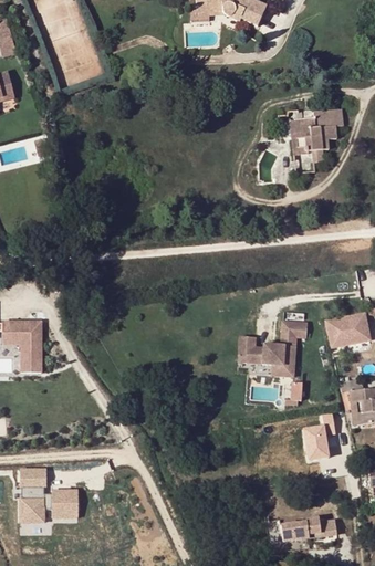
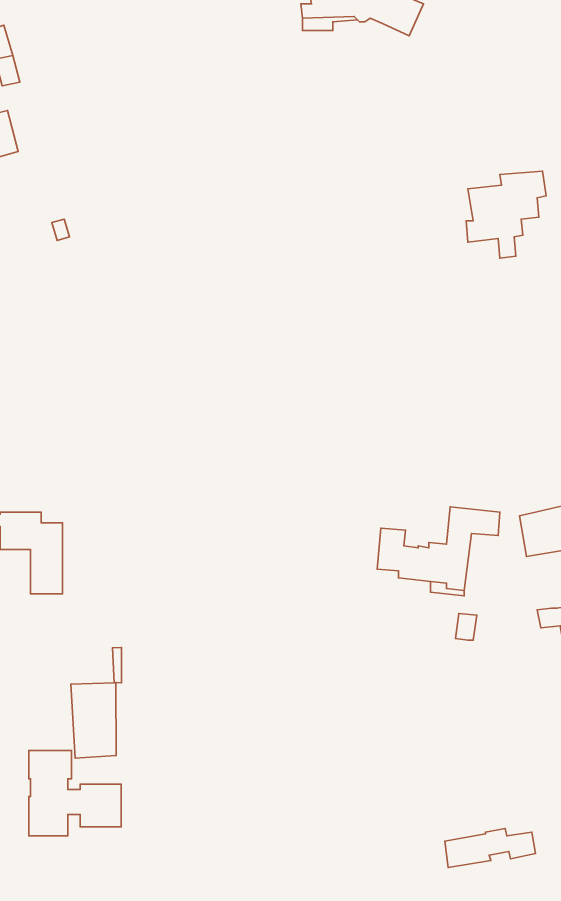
building: none -> [71,647,121,758]
building: [302,410,336,459] -> none

